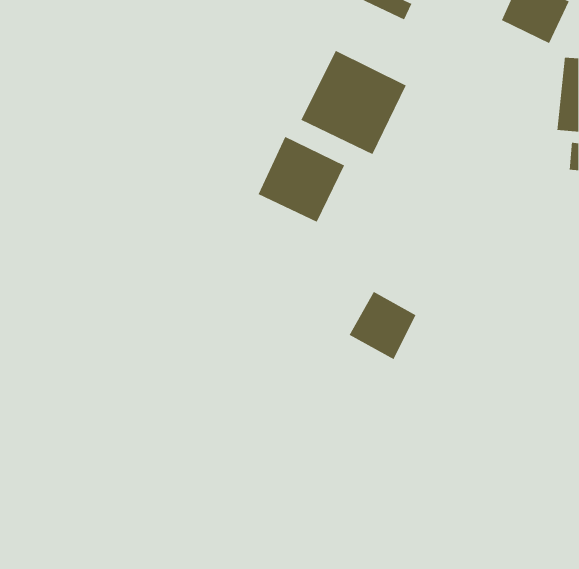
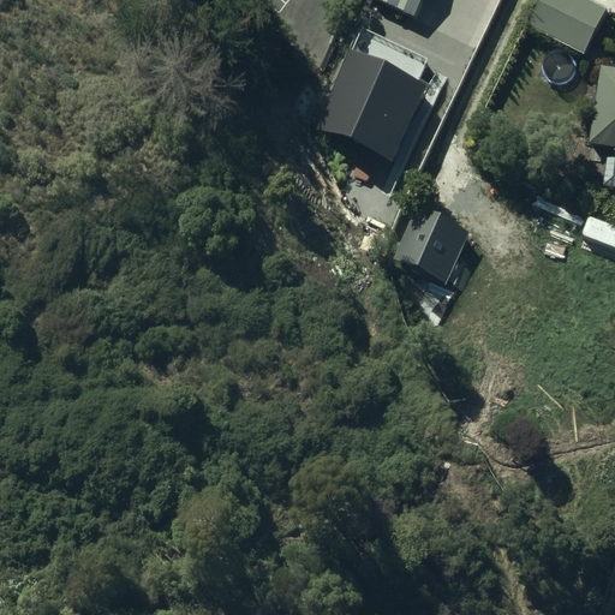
building: [258,136,345,223] -> none
building: [349,291,417,360] -> [396,203,468,276]

